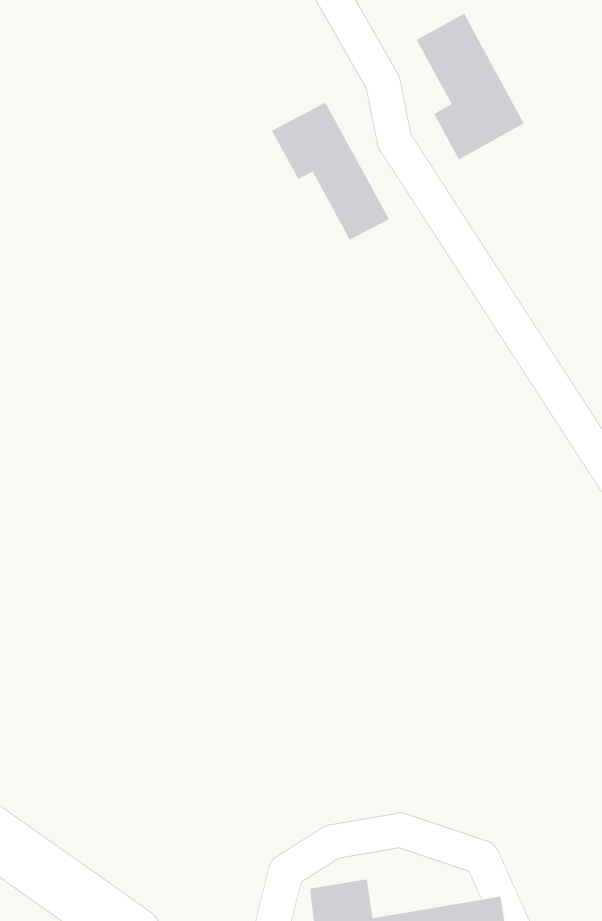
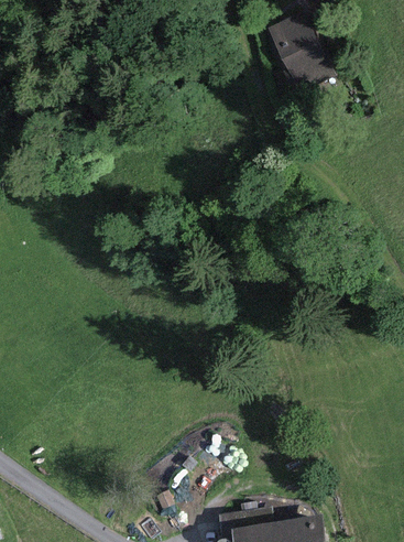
building: [271,102,390,241] -> none

